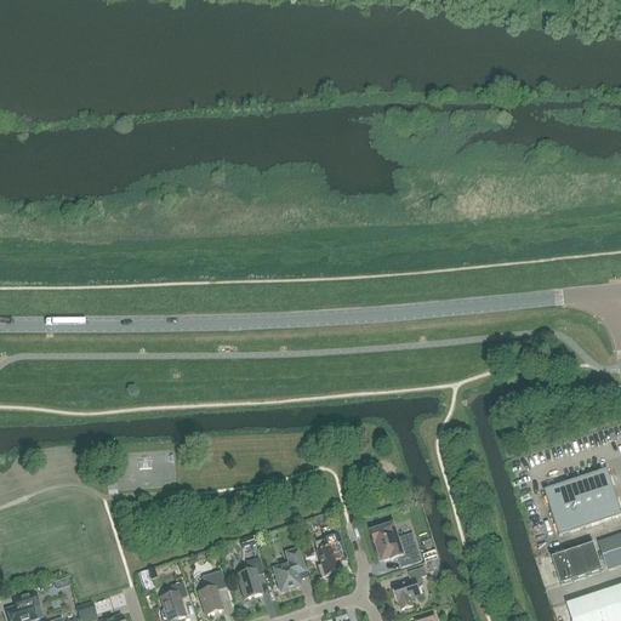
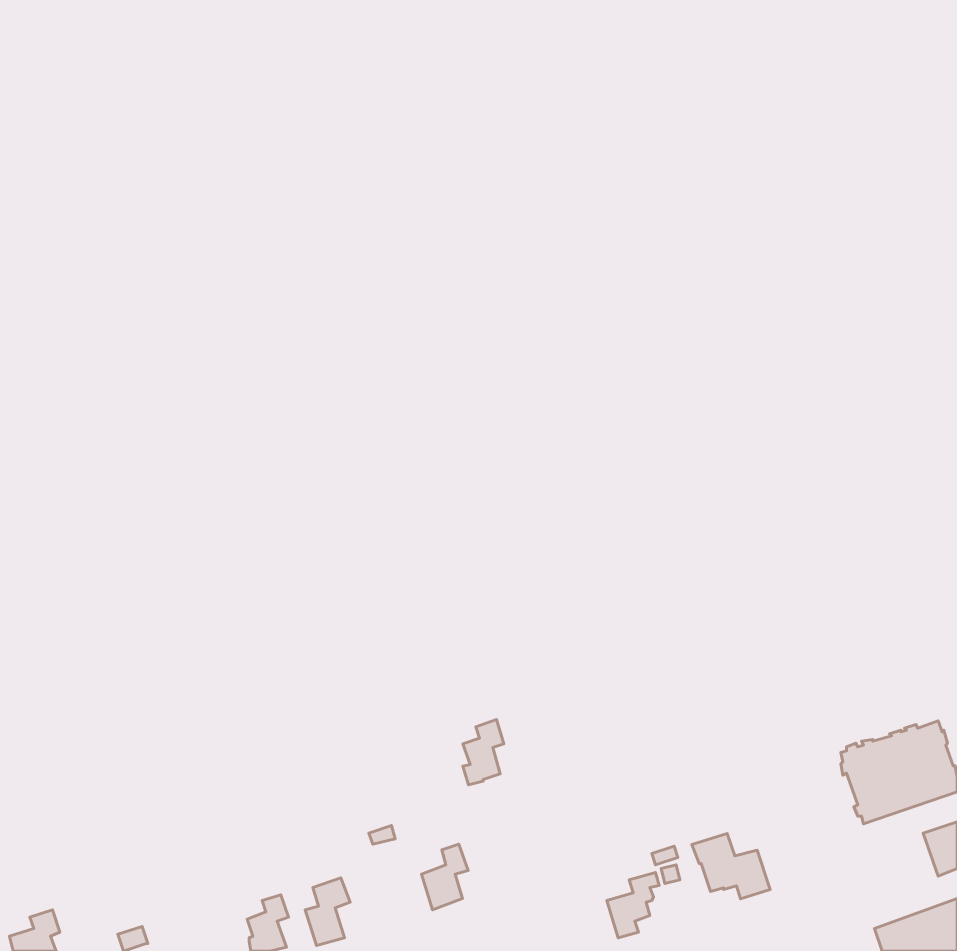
building: [370,522,421,564] -> [692,833,770,899]
building: [317,532,343,575] -> [463,719,504,785]
building: [552,541,603,583] -> none
building: [237,556,263,597] -> none

